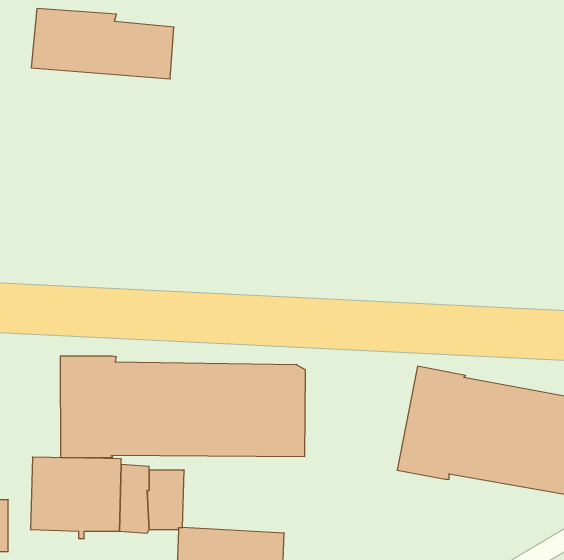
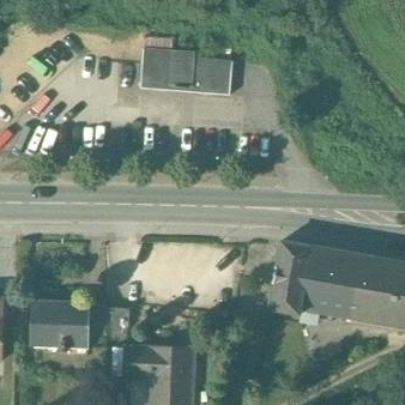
building: [31,9,174,79] -> [139,48,231,93]
building: [60,356,305,458] -> none

